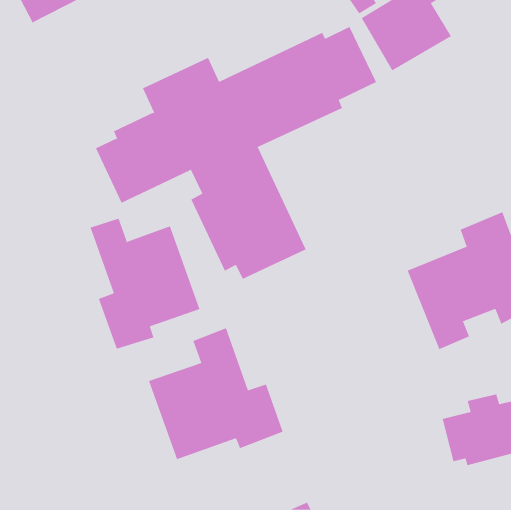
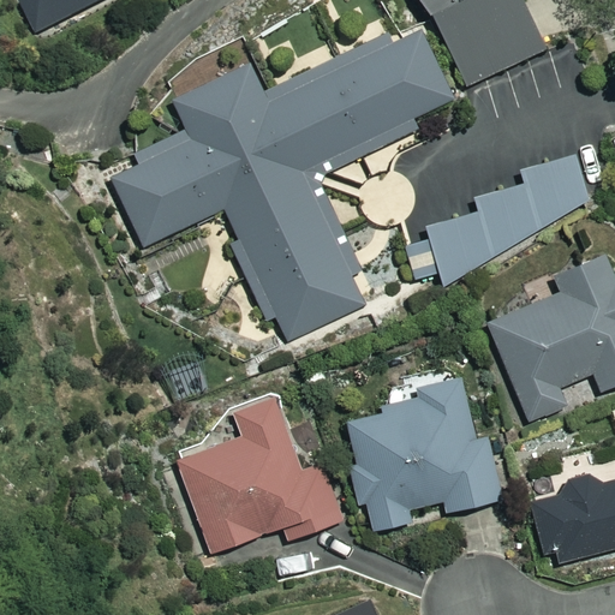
building: none -> [426,154,590,281]
building: [90,218,200,350] -> none
building: none -> [350,374,506,531]

